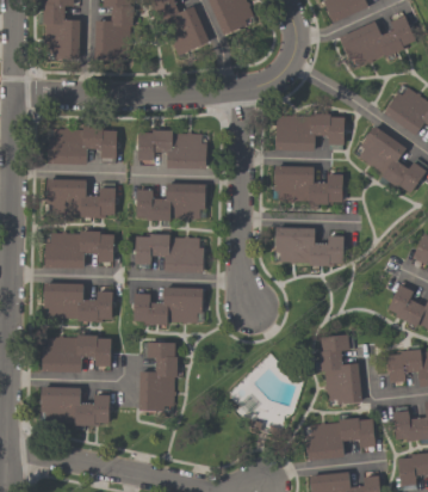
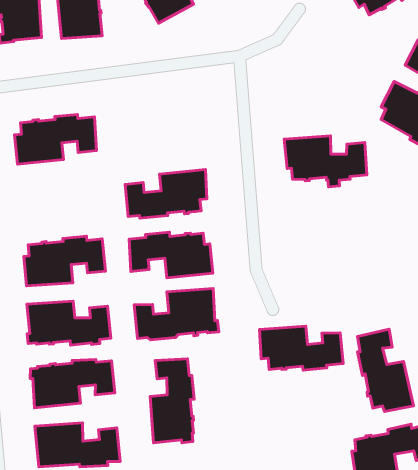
building: [275,113,345,150] -> none
building: [138,129,206,168] -> none
building: [46,178,116,217] -> none
building: [274,227,343,265] -> [260,326,343,370]

